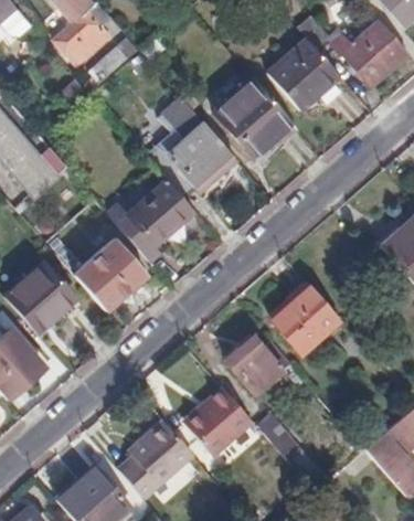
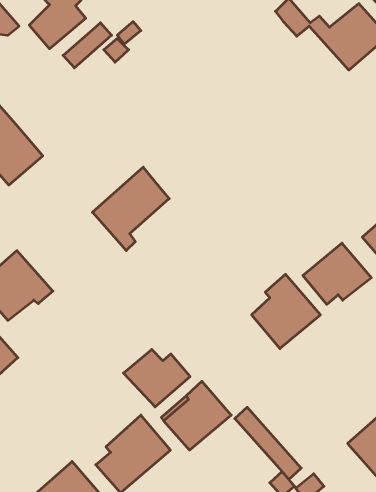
building: [266,36,337,107] -> none
building: [215,76,294,150] -> none
building: [145,96,231,196] -> none
building: [72,235,145,307] -> none
building: none -> [303,243,371,304]
building: [224,337,289,393] -> [123,349,190,407]

